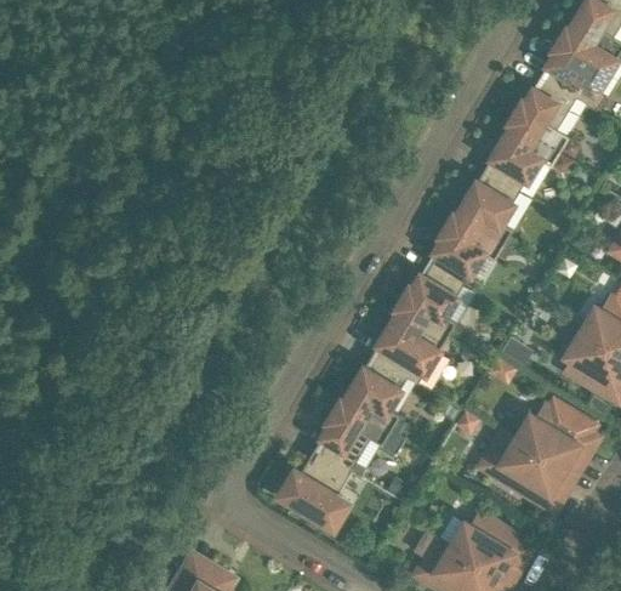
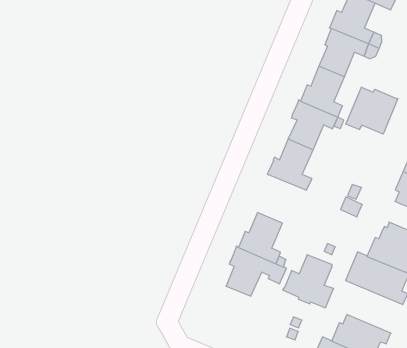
building: none -> [346,87,398,134]
building: [375,307,445,381] -> none
building: [278,449,349,524] -> [283,255,334,308]

